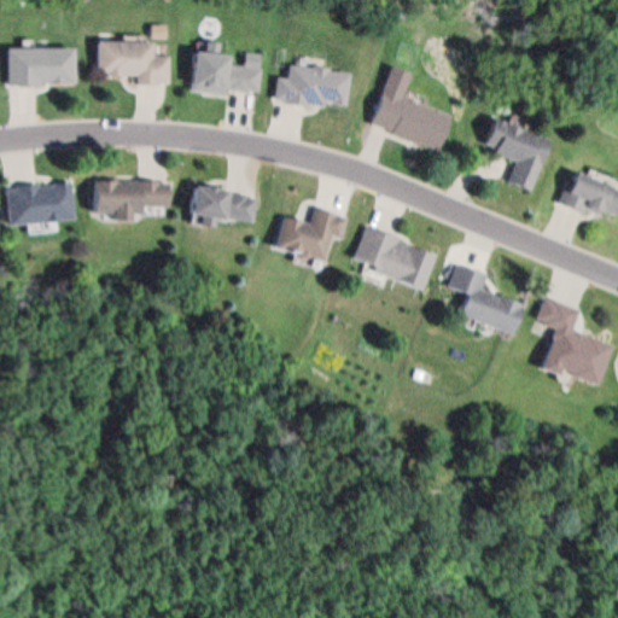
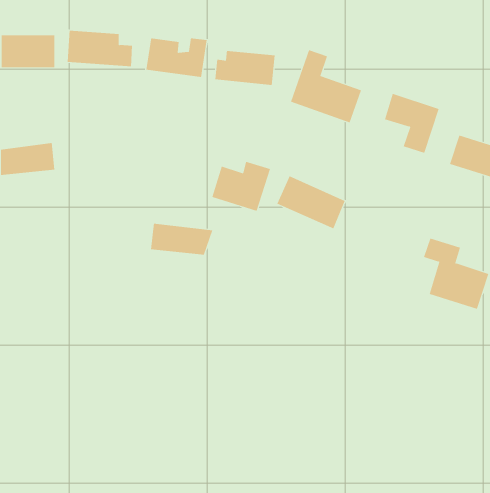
building: [92,176,170,211] -> none
building: [183,180,262,220] -> [150,223,213,255]
building: [444,263,530,340] -> none

